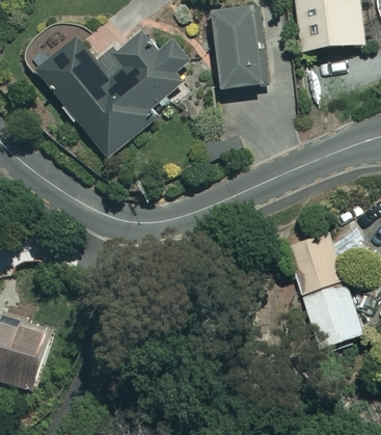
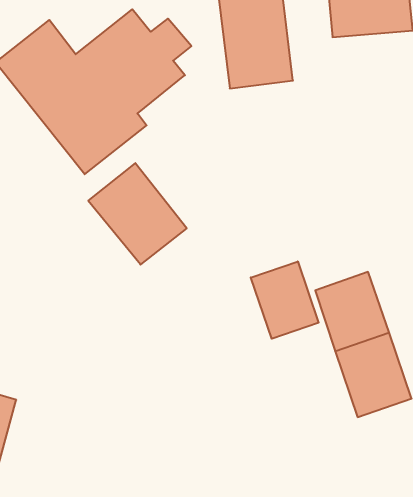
building: none -> [88,163,187,265]
building: none -> [251,261,319,339]

